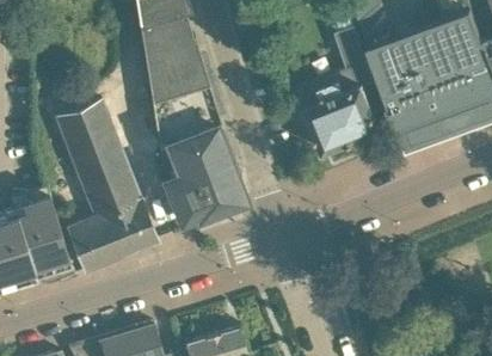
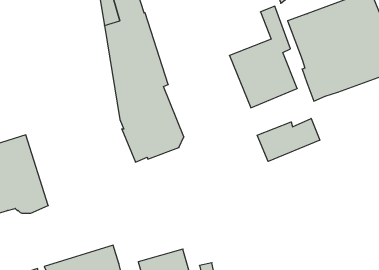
building: [57,100,159,271] -> none
building: none -> [257,118,320,161]

